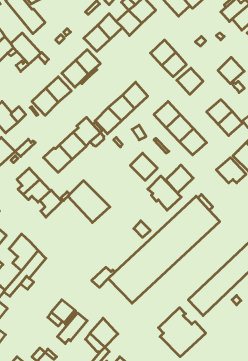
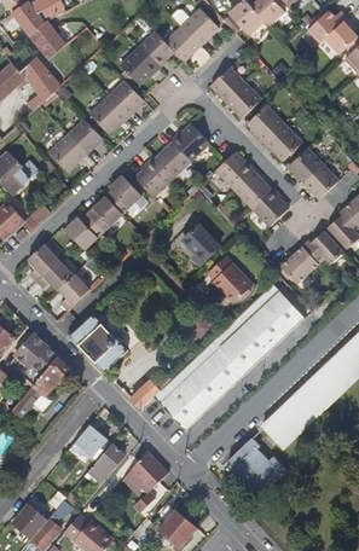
building: [218,57,244,84] -> [266,124,302,161]
building: [166,165,193,193] -> [282,246,319,285]
building: [68,181,110,223] -> [70,313,128,371]

